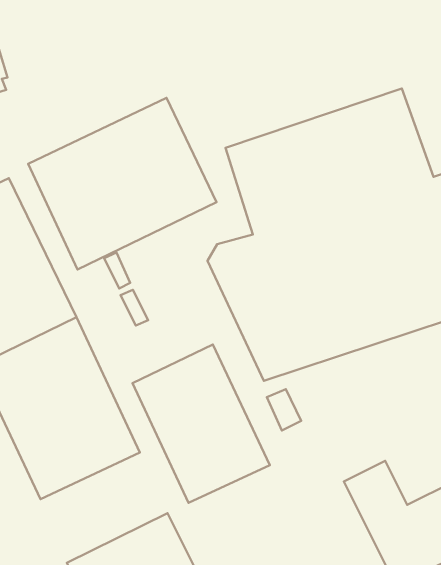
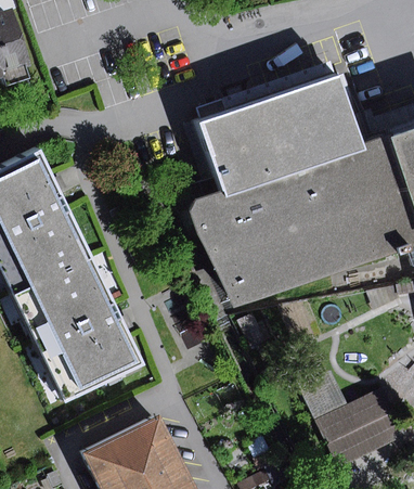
building: [28,98,217,269] -> none
building: [132,345,270,503] -> none

